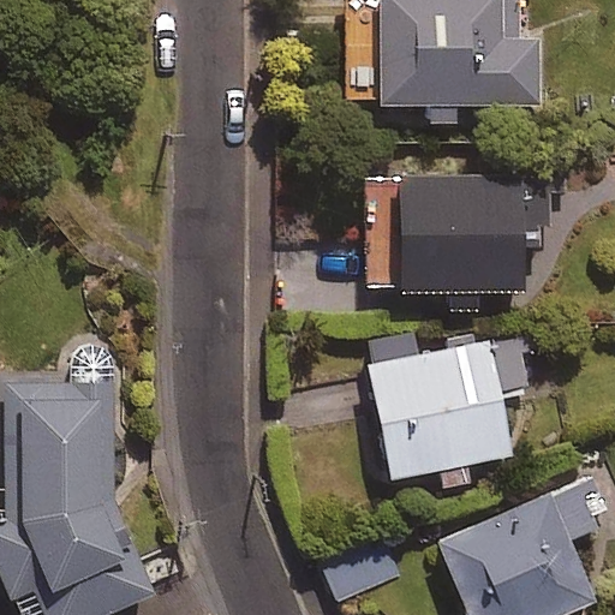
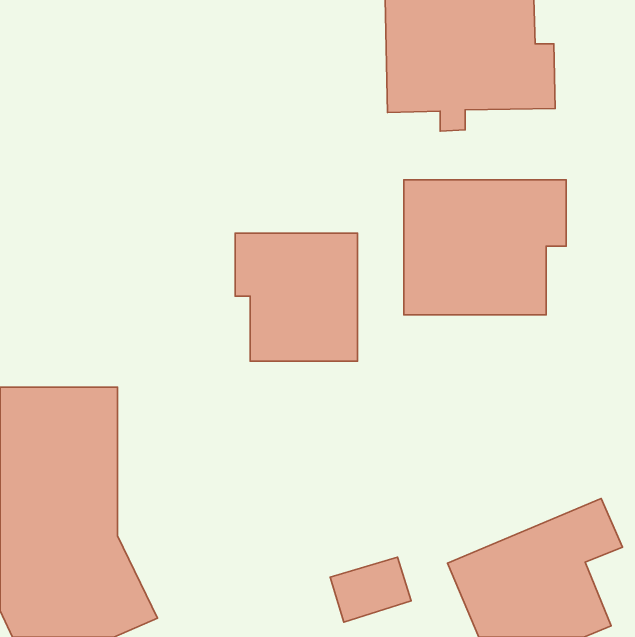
building: none -> [235,233,358,361]
building: [364,340,527,488] -> none

